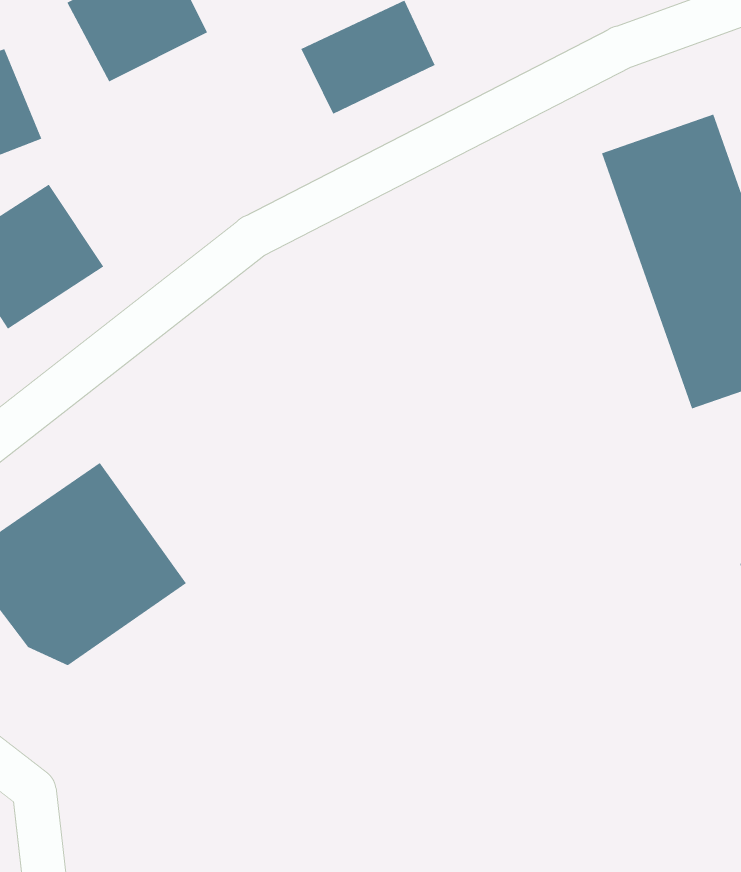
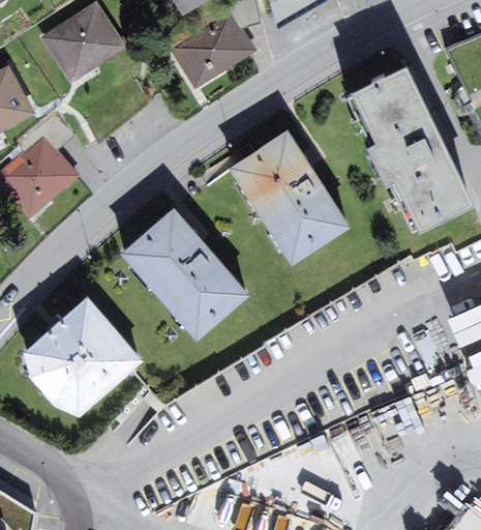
building: none -> [231,130,349,262]
building: none -> [120,208,249,343]

